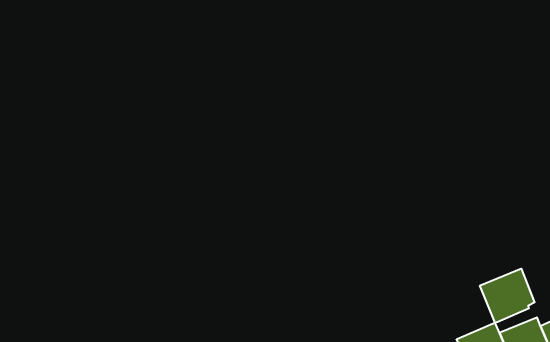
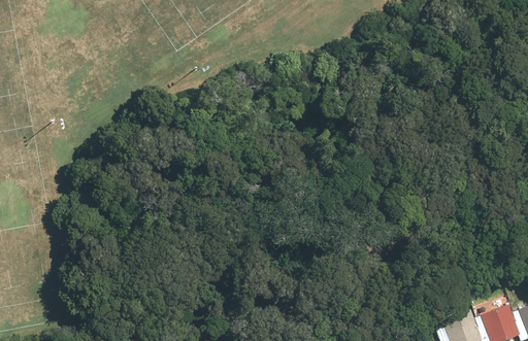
building: [480,269,535,323] -> none

